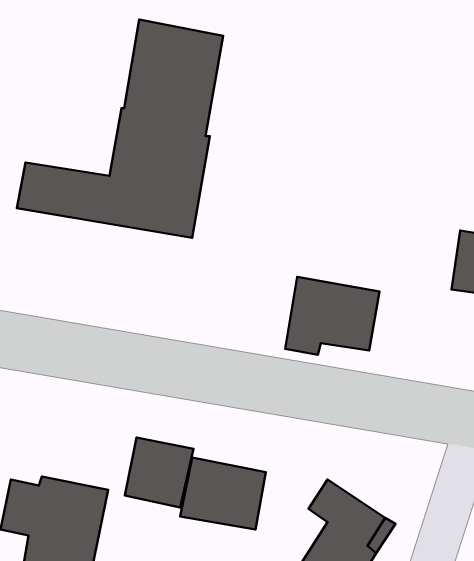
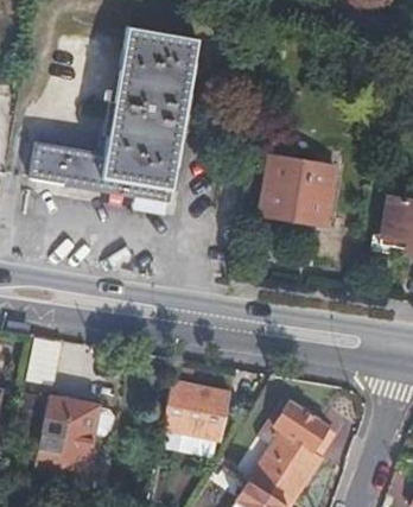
building: [285,277,380,355] -> [259,154,335,217]
building: [125,437,193,507] -> none

